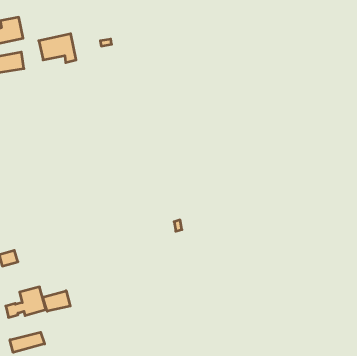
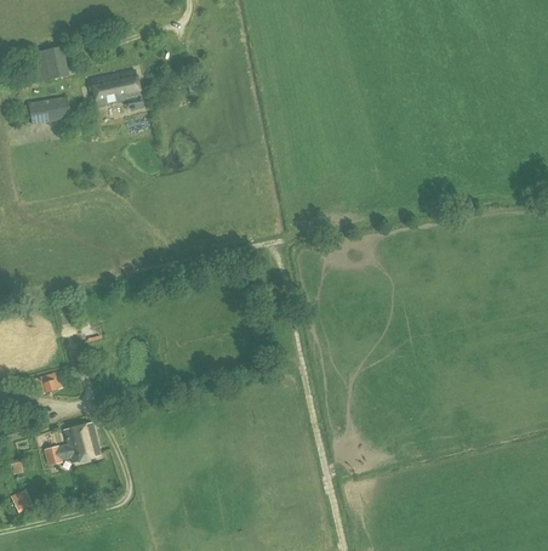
building: [43,291,70,311] -> none
building: [10,332,45,352] -> none

